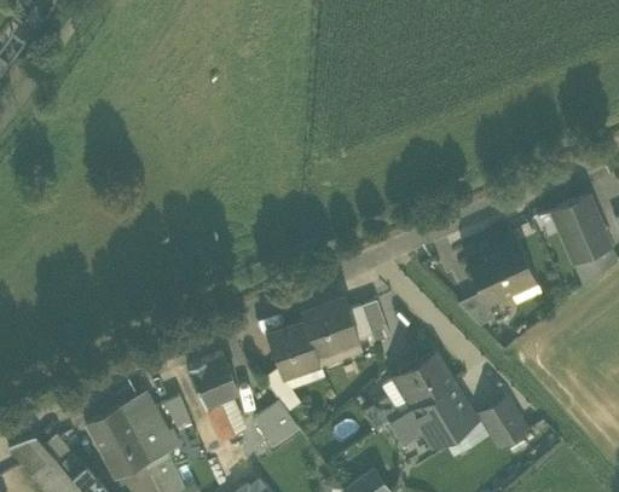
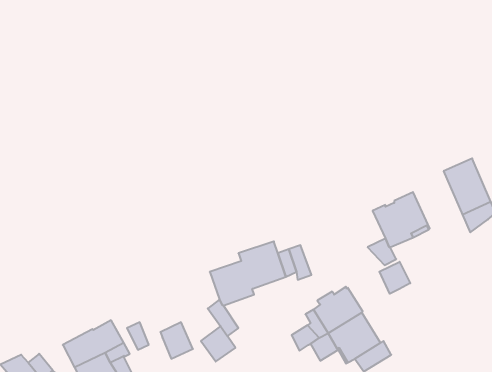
building: none -> [379,262,410,294]
building: [189,353,239,409] -> none
building: [481,399,527,447] -> none

